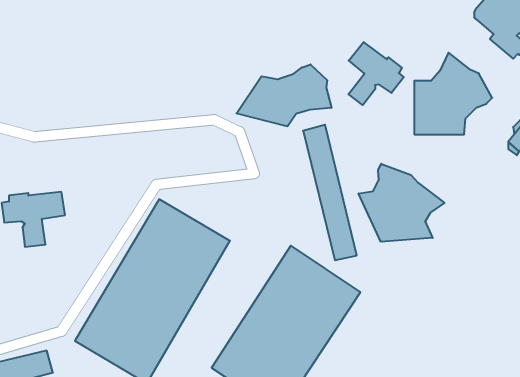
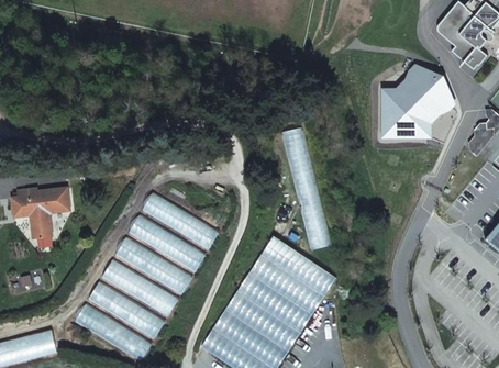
building: [348,42,404,105] -> none
building: [236,64,331,126] -> none
building: [359,164,444,242] -> none

